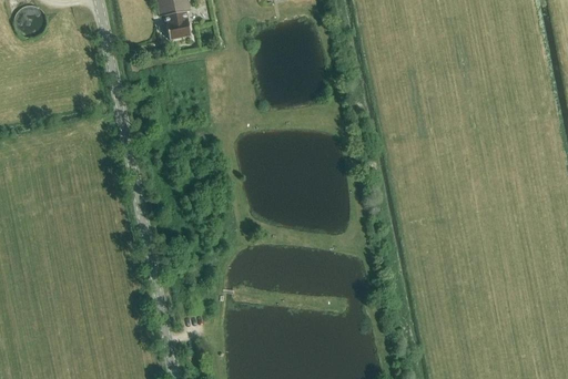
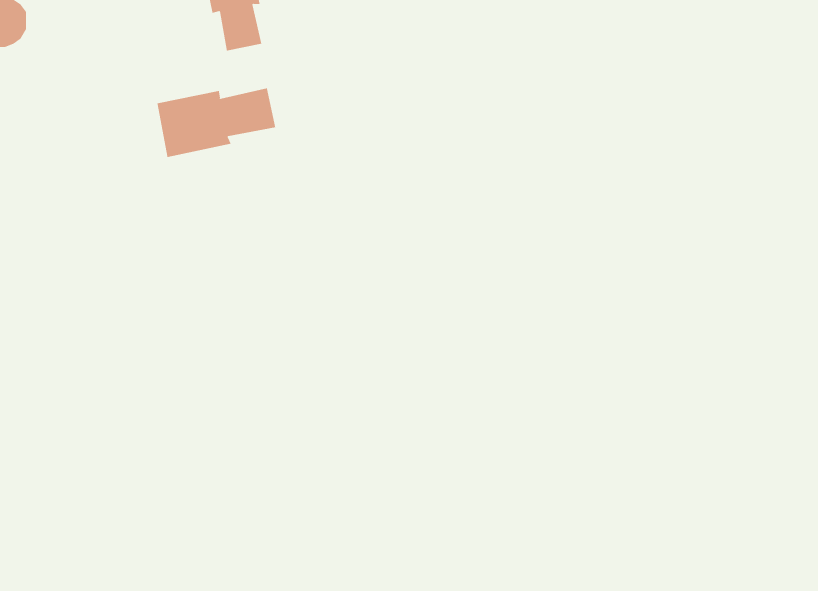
building: none -> [157,87,276,158]

